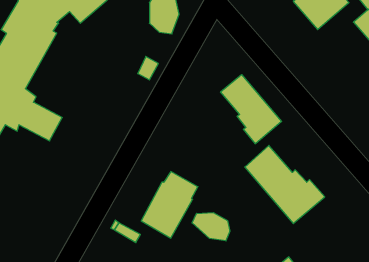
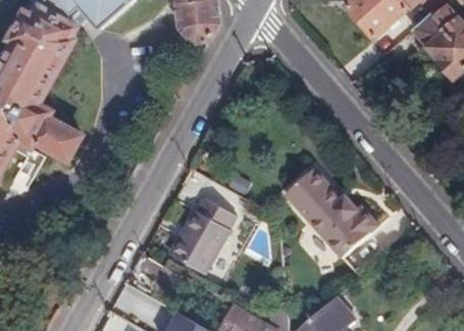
building: [221,75,282,144] -> none
building: [192,213,230,241] -> none

